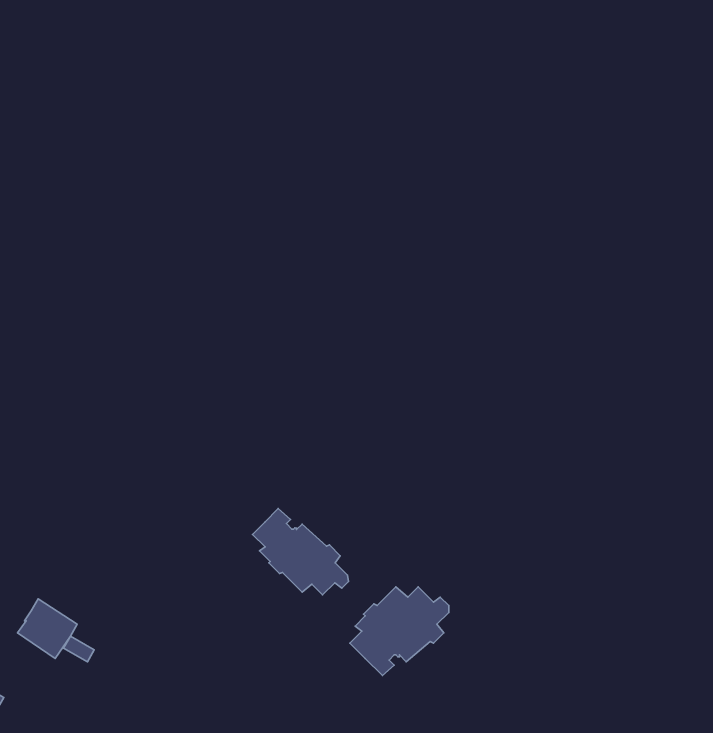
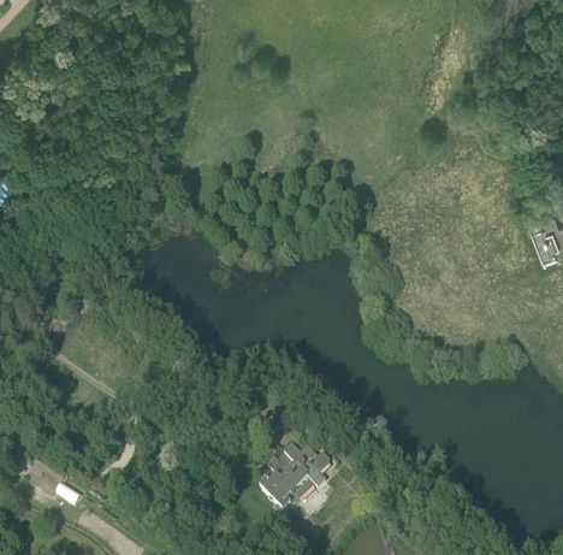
building: [253,509,348,595] -> none

